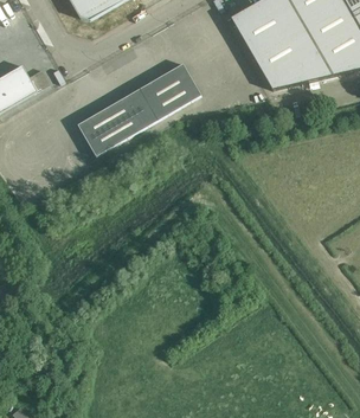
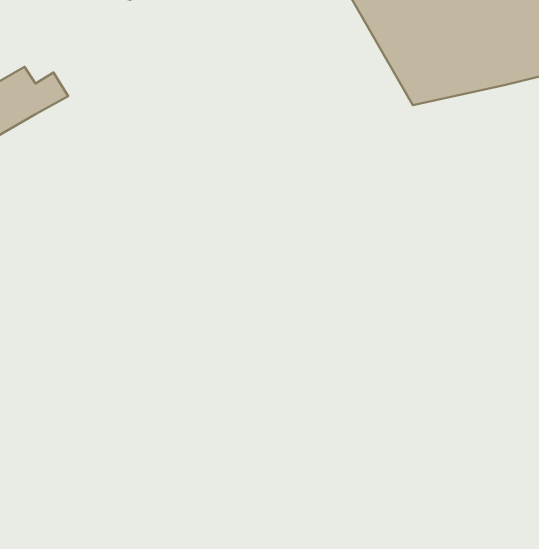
building: [77,63,201,156] -> none

